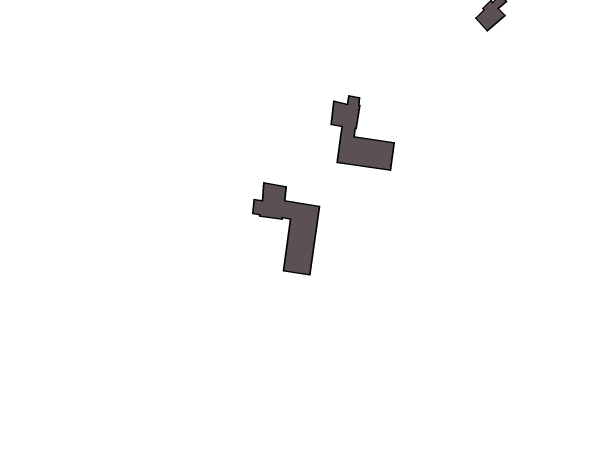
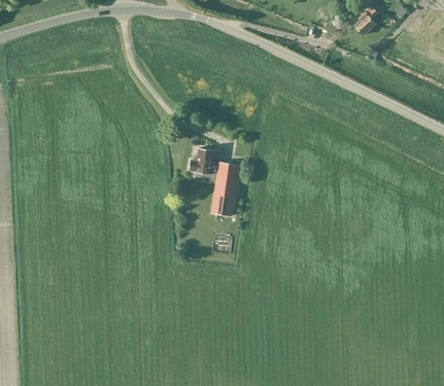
building: [331,96,394,170] -> none

